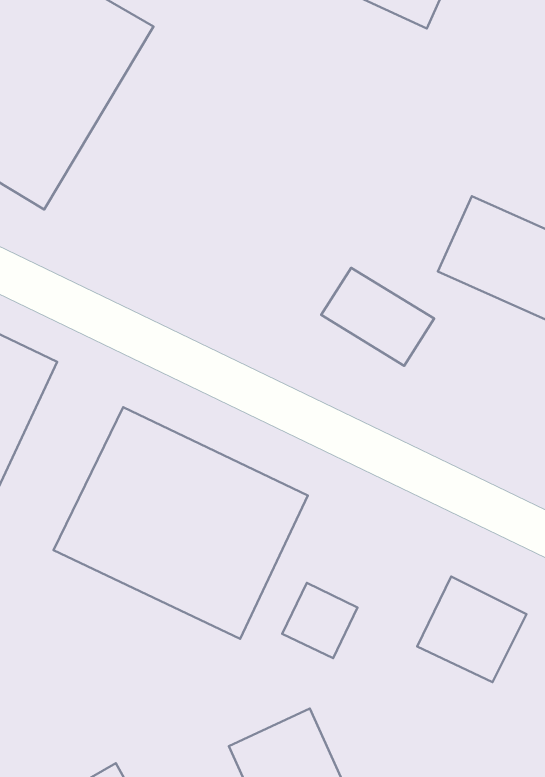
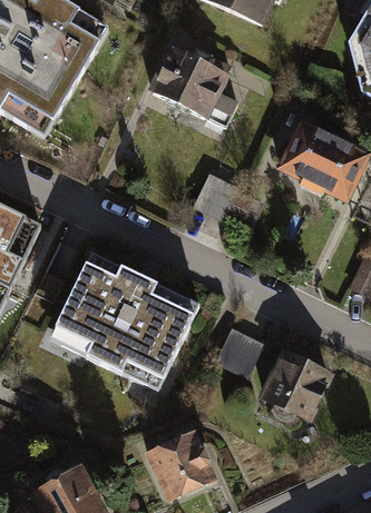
building: none -> [148,50,230,124]
building: [282,583,358,658] -> [212,327,256,372]

